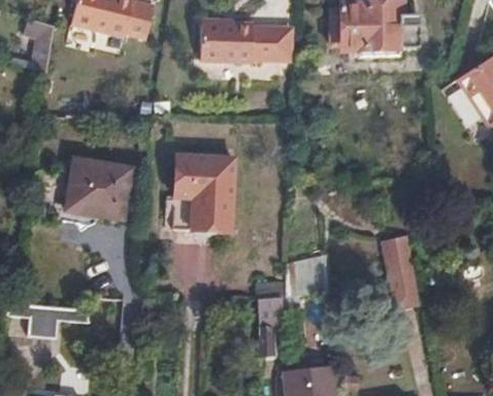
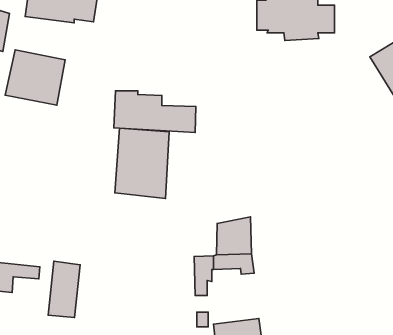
building: [201,16,293,63] -> [114,91,196,132]
building: [63,157,130,219] -> [5,50,65,105]
building: [381,235,419,309] -> none
building: none -> [48,261,80,318]

